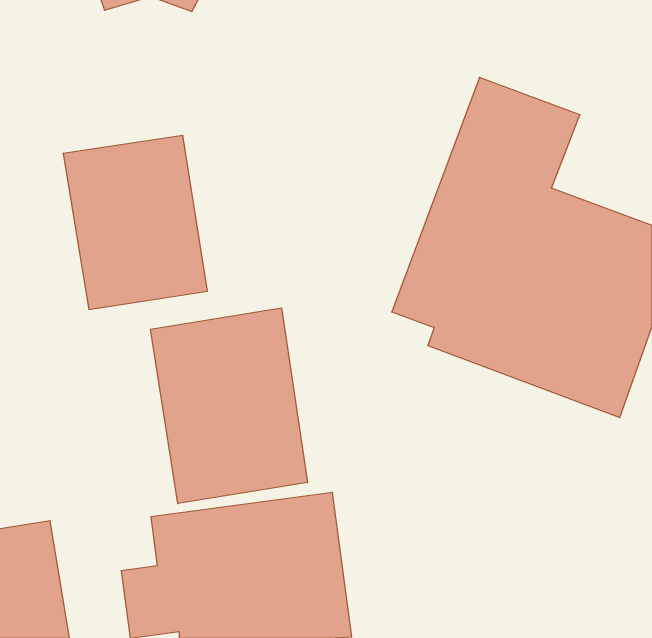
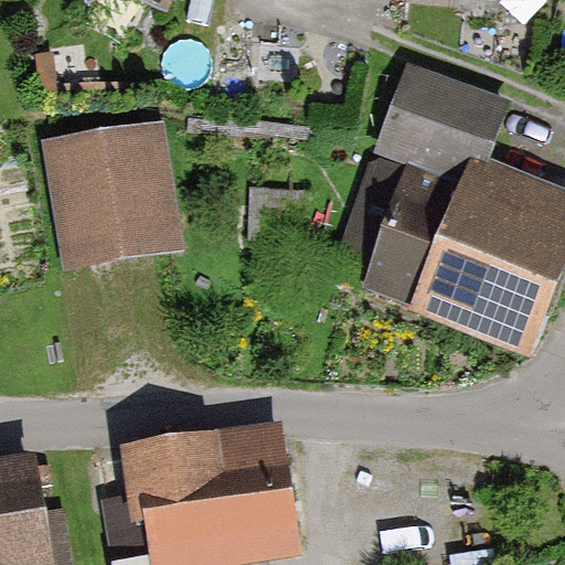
building: [150,308,308,504] -> none

